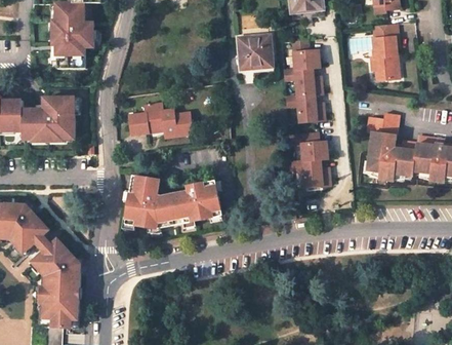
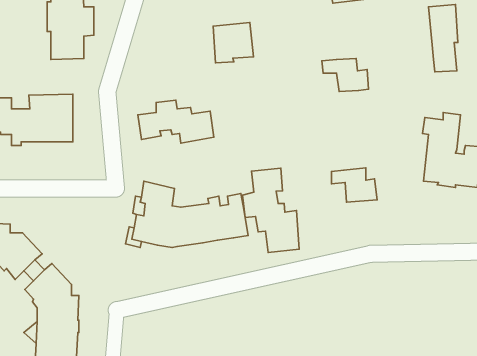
building: [238,35,272,69] -> [213,22,254,63]
building: [280,39,319,69] -> none
building: [284,94,323,122] -> none
building: [287,133,326,161] -> none
building: none -> [242,168,299,252]

